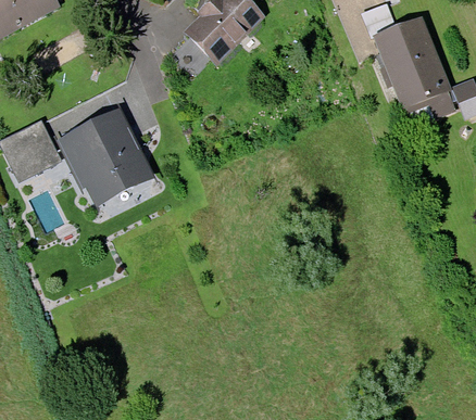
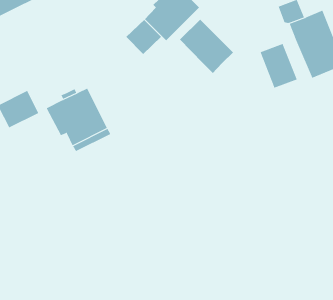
building: none -> [179,19,234,74]
building: none -> [260,43,298,88]

